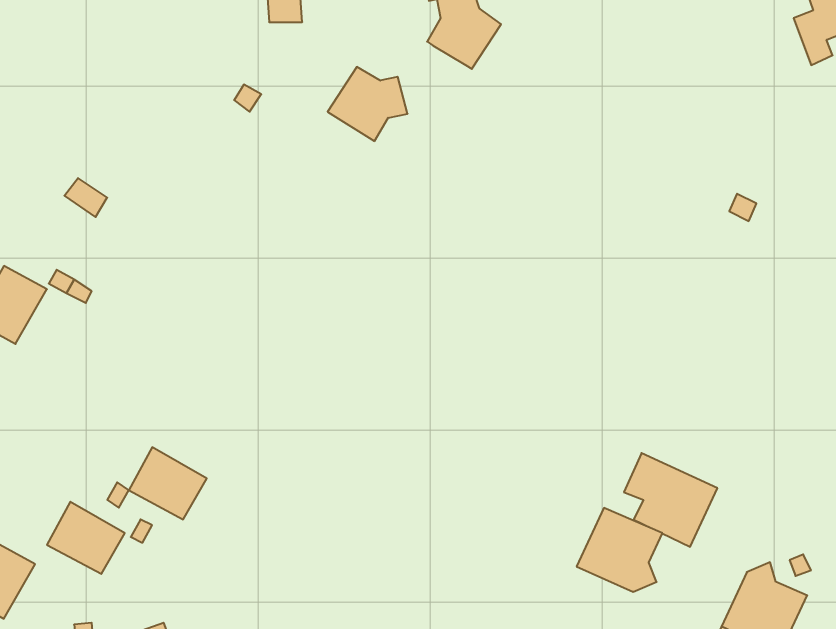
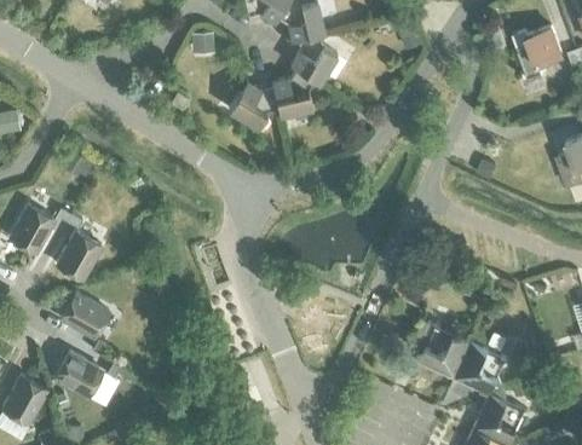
building: none -> [271,69,315,116]
building: none -> [57,232,102,281]
building: [129,447,207,519] -> [60,293,109,337]
building: [577,508,662,592] -> [454,343,507,395]

